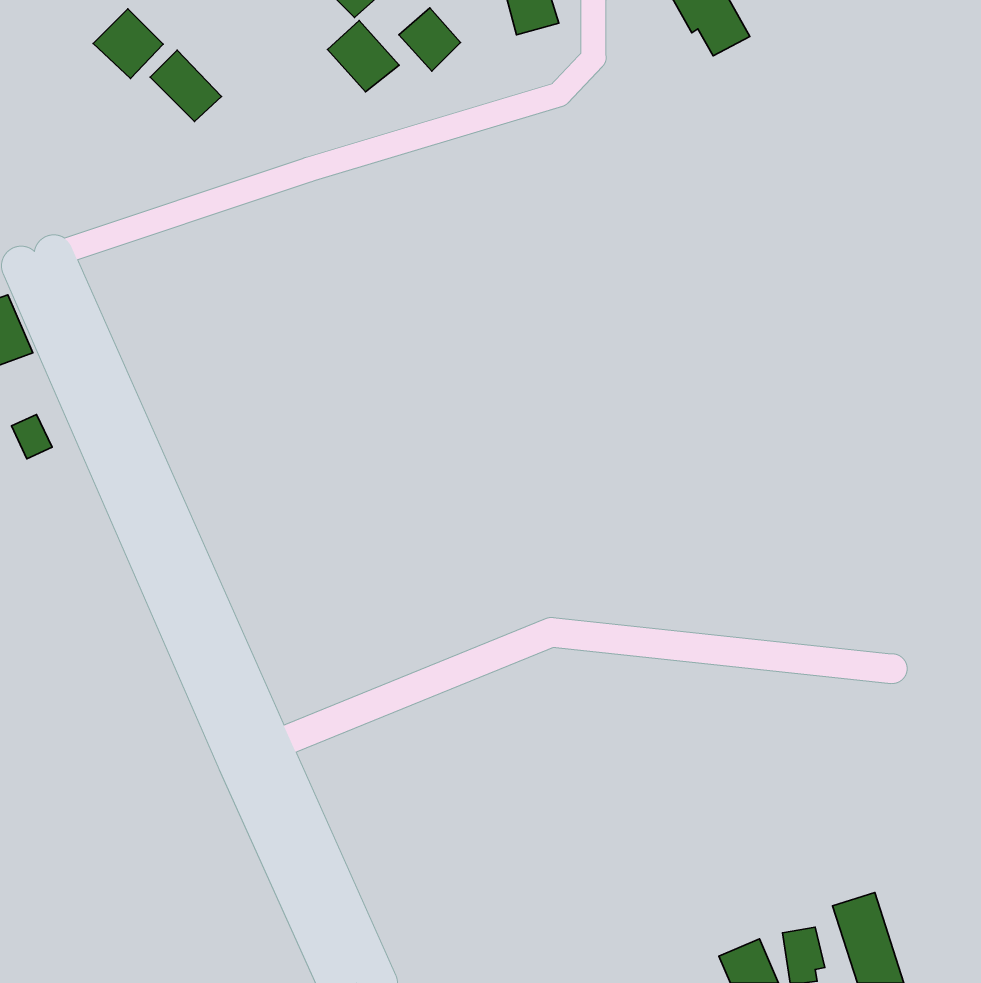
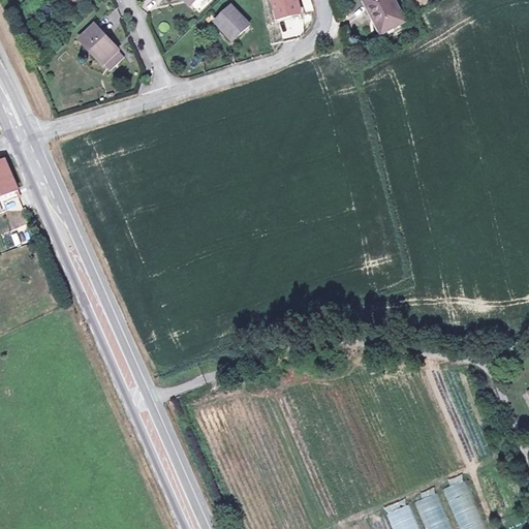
building: [93,9,163,79] -> none
building: [327,20,399,92] -> none

